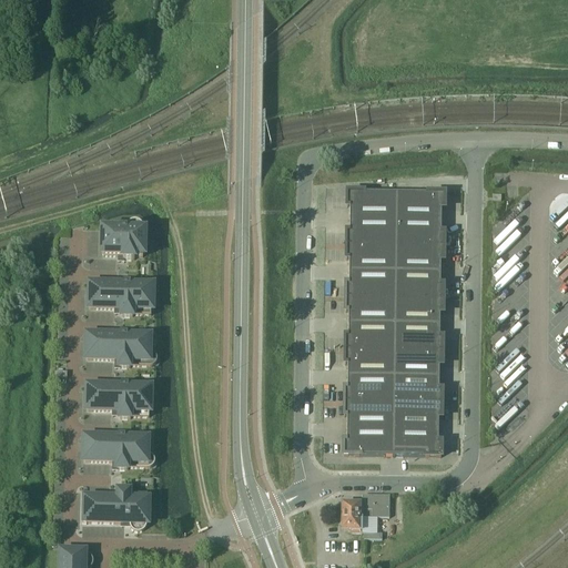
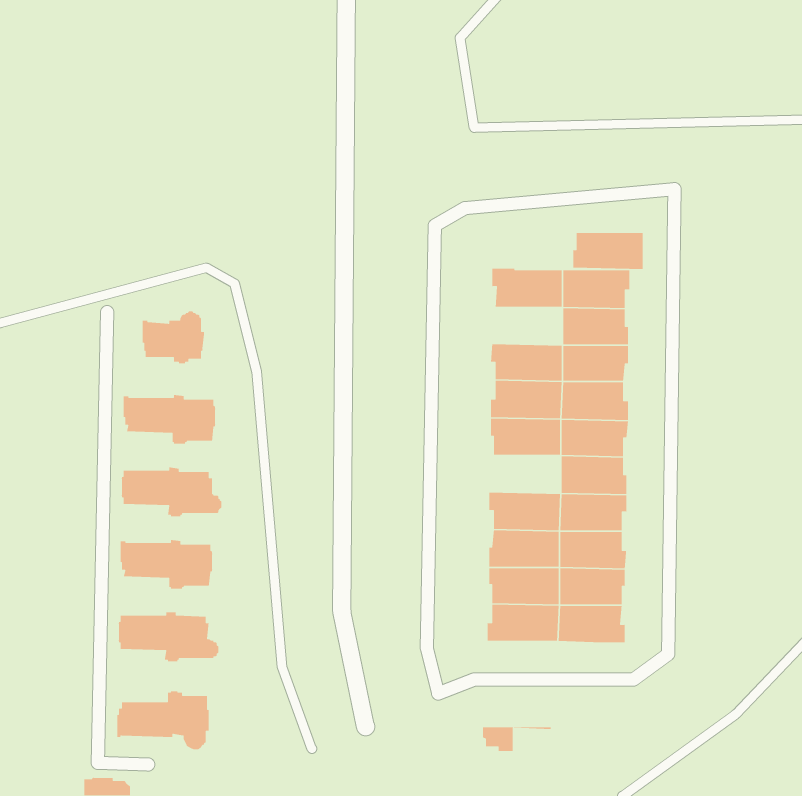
building: [348,216,398,243] -> [573,232,644,270]
building: [346,321,397,347] -> none
building: [342,490,392,511] -> none

